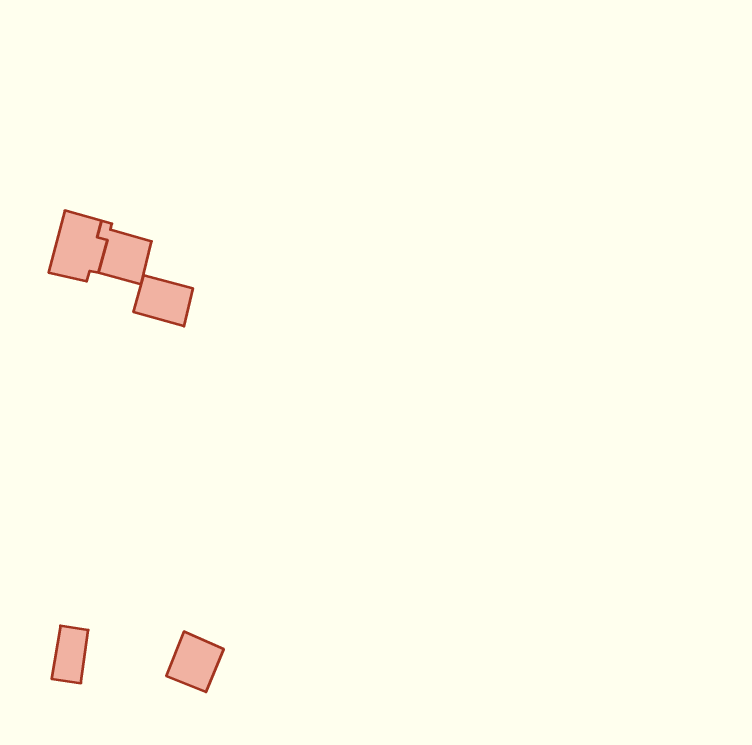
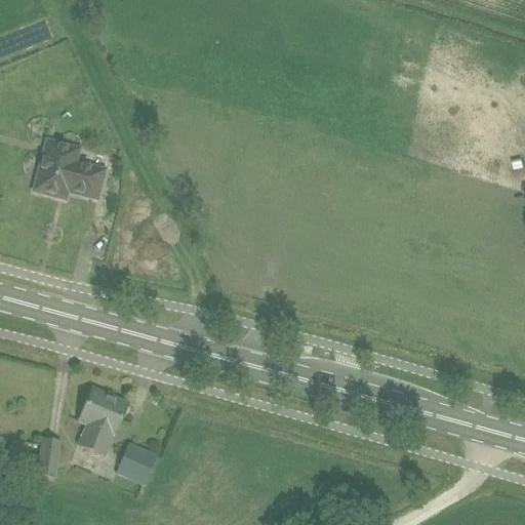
building: [134,275,193,326] -> none
building: none -> [77,387,126,454]

